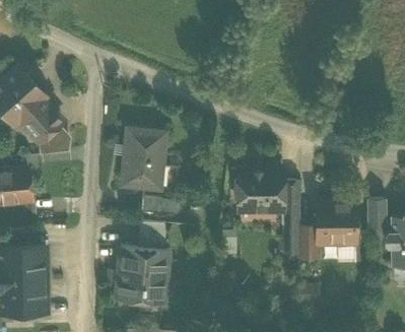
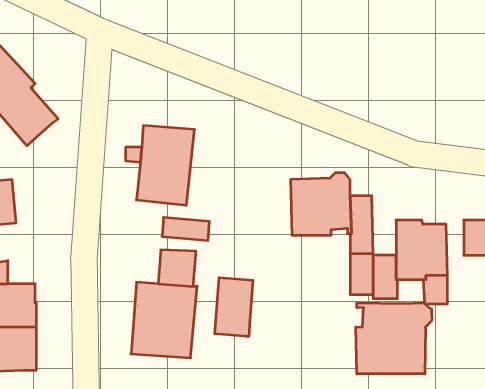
building: [40,127,69,156] -> none
building: none -> [215,278,253,337]
building: none -> [356,303,432,374]

